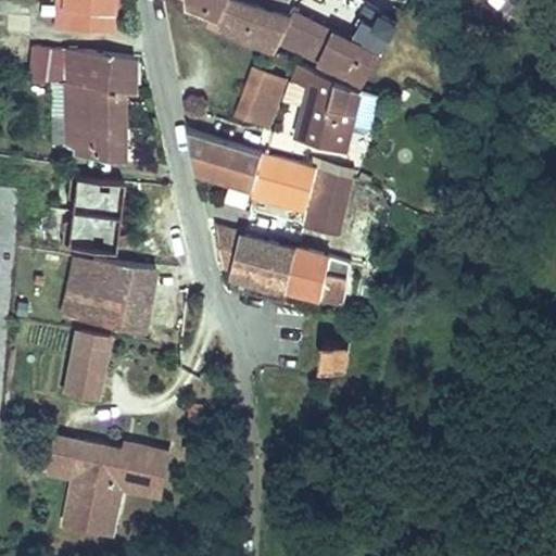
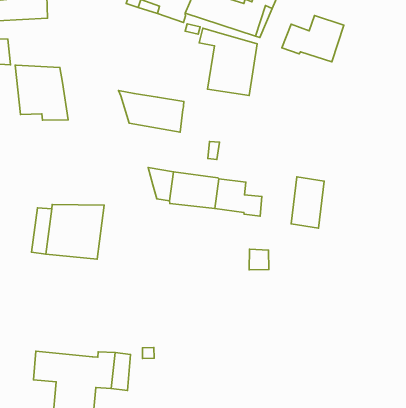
building: [66,53,132,96] -> none
building: none -> [282,16,344,62]
building: [244,71,288,126] -> none
building: [255,159,293,203] -> none
building: [305,172,351,237] -> [291,177,324,228]
building: [63,179,118,250] -> none
building: [63,333,108,402] -> none

